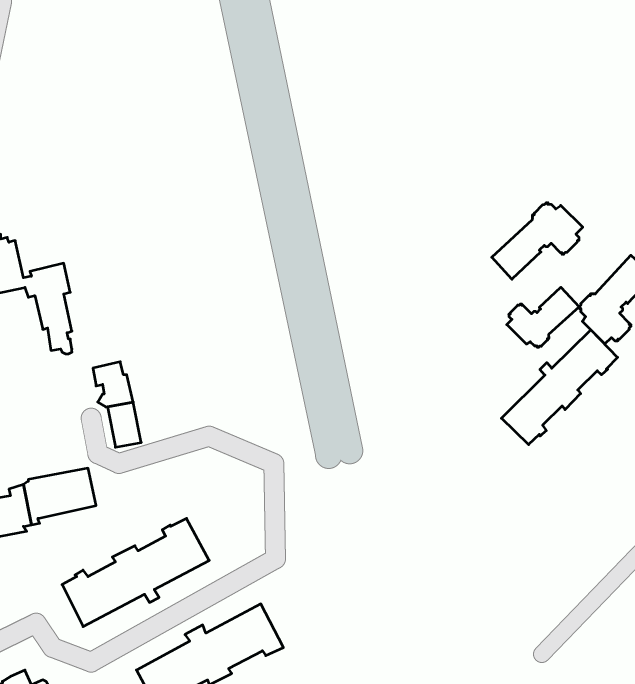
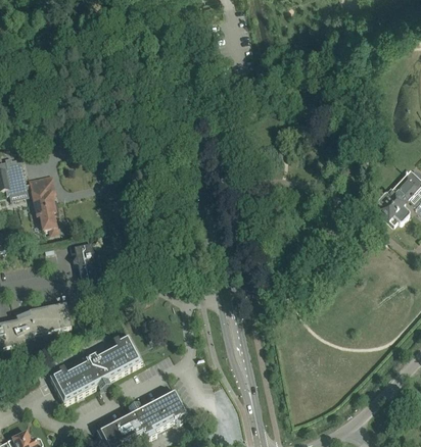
building: [492,203,583,279] -> none
building: [507,287,579,347] -> none
building: [501,330,618,445] -> none

